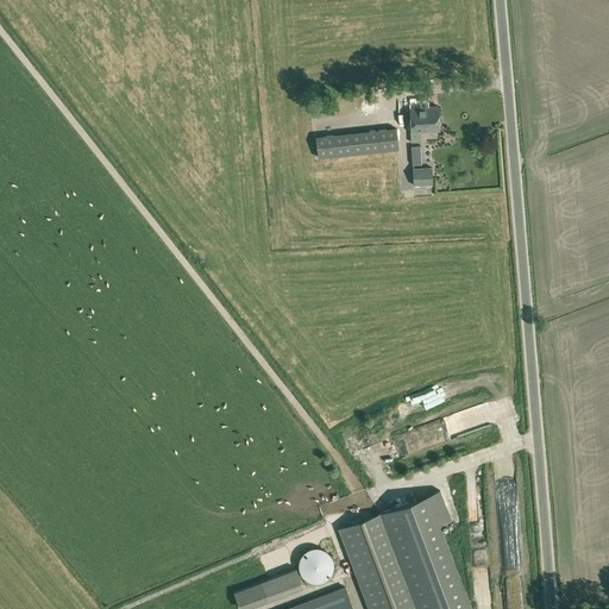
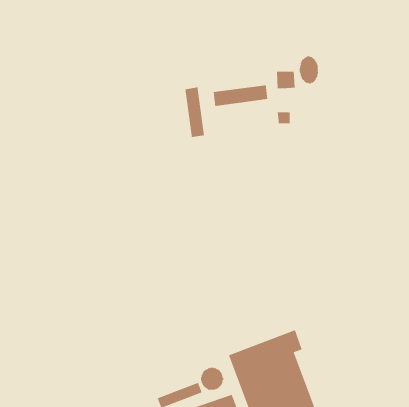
building: none -> [299,55,319,85]
building: none -> [185,87,205,138]

